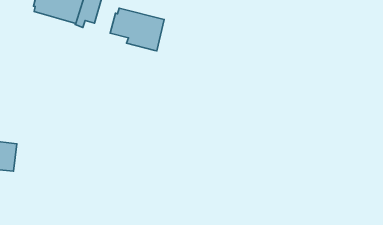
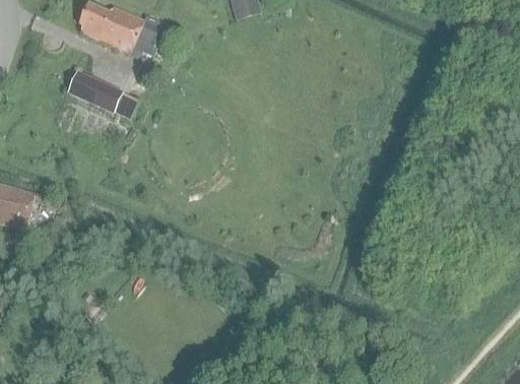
building: [110,8,164,51] -> none
building: none -> [68,71,125,114]

